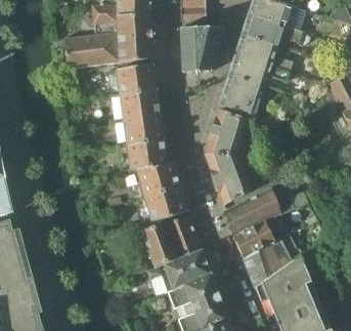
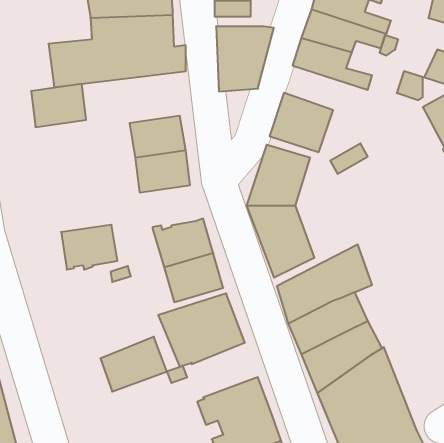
building: [230,52,290,84] -> none
building: [118,63,157,93] -> [31,84,86,127]
building: [128,137,168,169] -> [61,225,117,270]
building: [165,249,212,288] -> [100,337,167,392]

